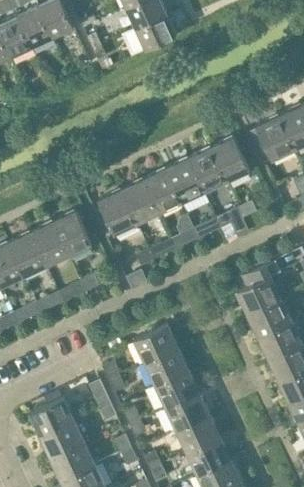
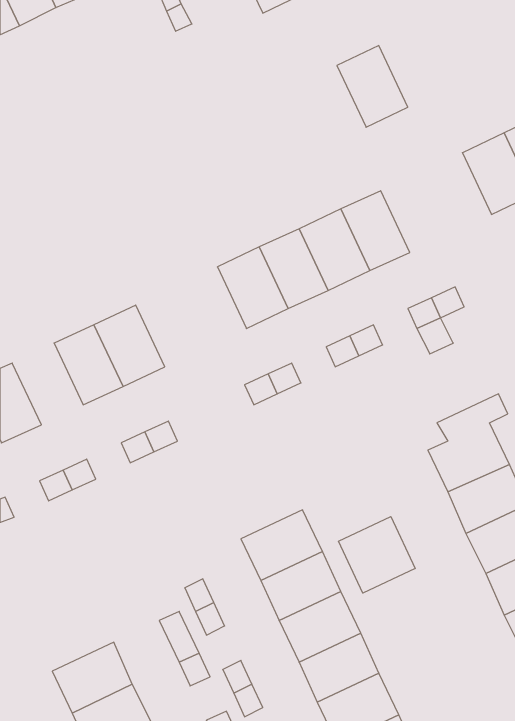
building: [210,137,249,182] -> [337,46,408,127]
building: [97,190,136,234] -> none
building: [7,232,46,277] -> none
building: none -> [338,517,415,593]

